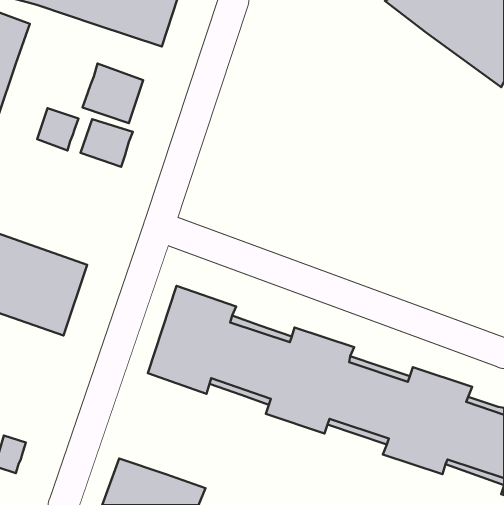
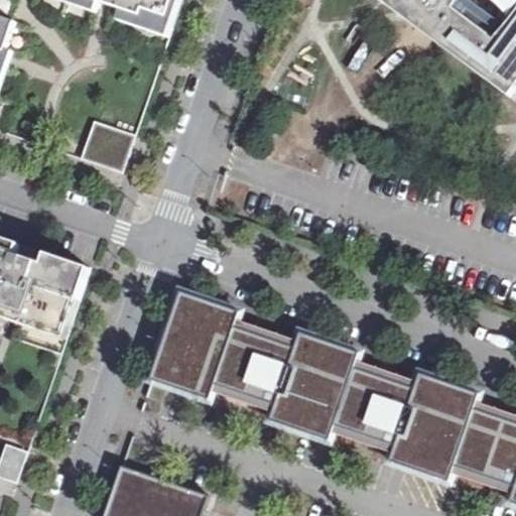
building: [83,64,143,123] -> none
building: [37,108,78,151] -> none

